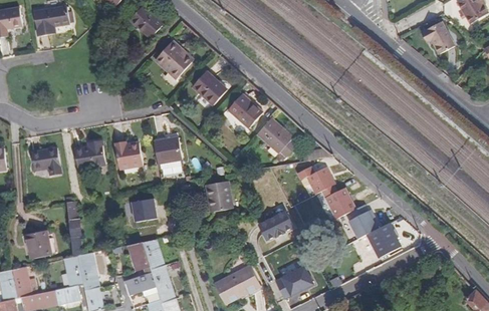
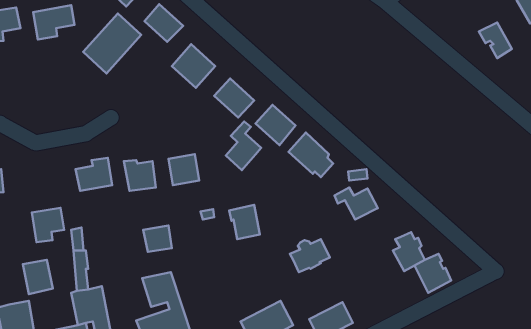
building: none -> [83,13,141,73]
building: none -> [226,122,261,170]
building: [29,147,57,178] -> [32,208,64,242]
building: [321,185,355,219] -> none

